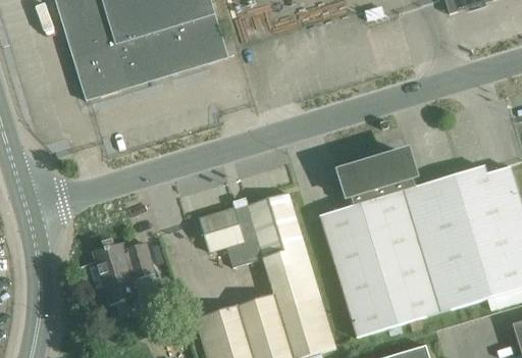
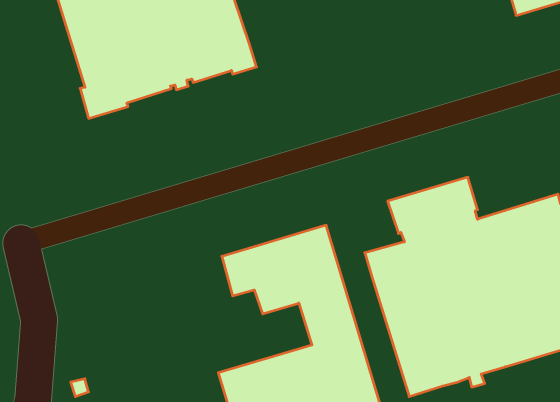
building: [93,242,155,304] -> none

